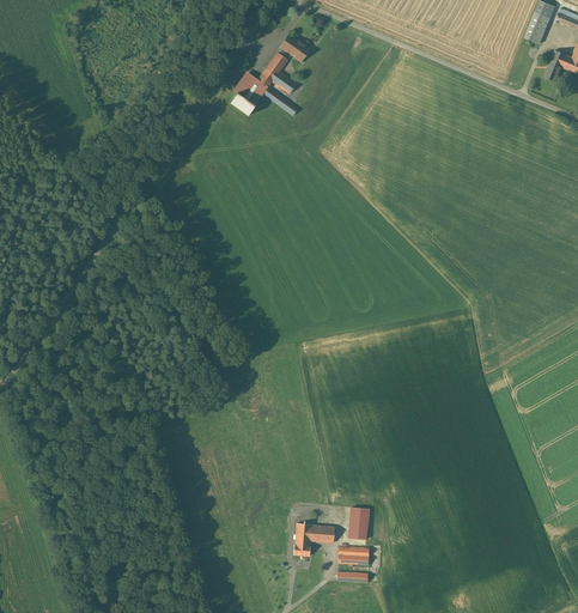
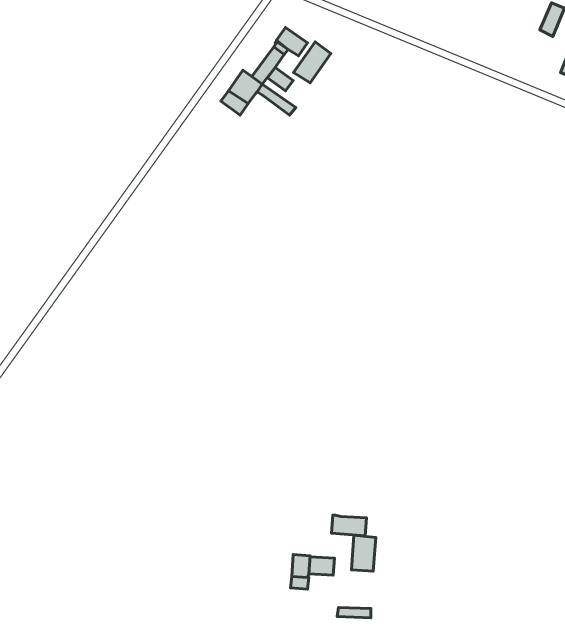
building: none -> [293,42,331,83]
building: [337,546,370,565] -> [332,515,367,536]

